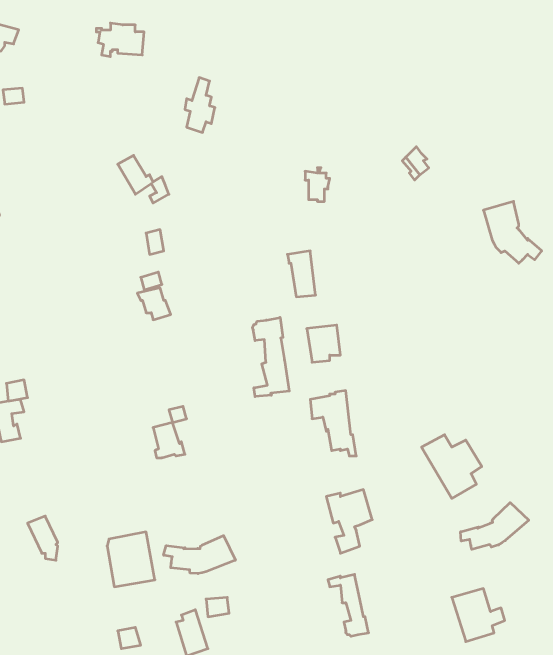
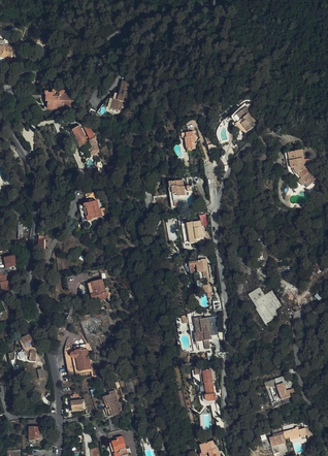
building: [96,23,144,57] -> [43,88,71,107]
building: [252,317,289,397] -> none
building: [461,503,529,549] -> none
building: [164,536,235,574] -> none

